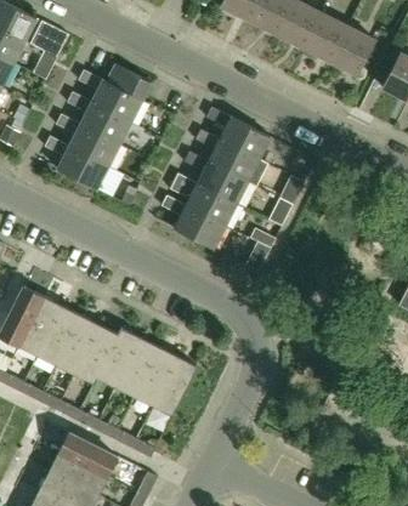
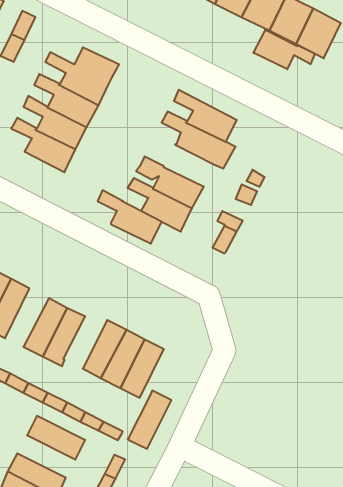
building: none -> [253,30,315,69]
building: [183,150,248,204] -> [98,190,162,244]
building: [38,306,81,364] -> none
building: [96,328,140,386] -> [128,391,171,449]
building: [50,453,108,495] -> none

